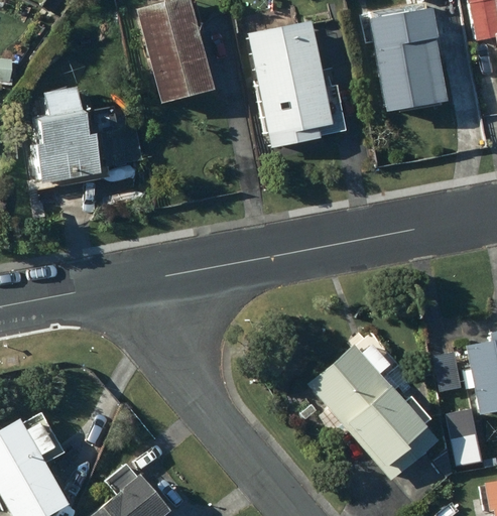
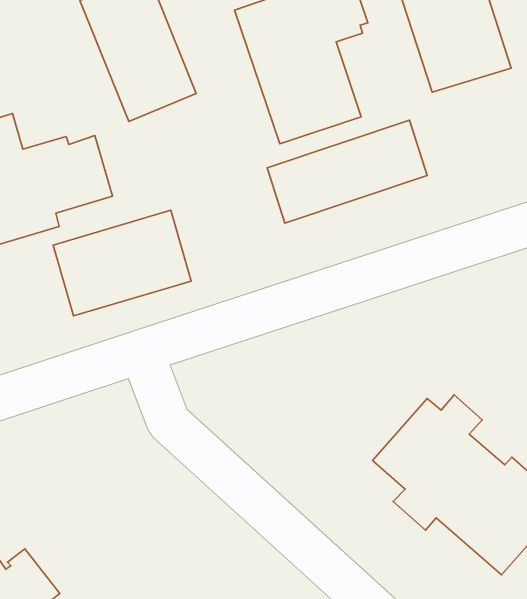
building: none -> [267,120,427,223]
building: none -> [53,210,191,316]

